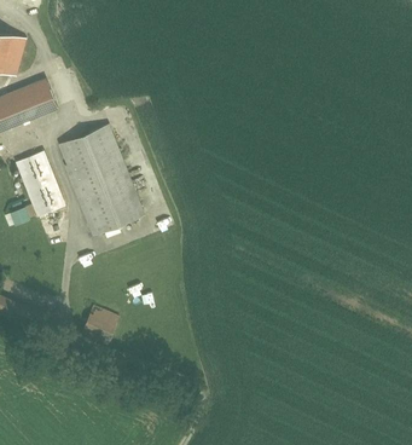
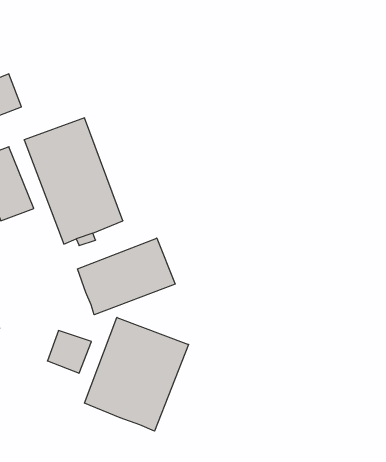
building: none -> [77,238,175,315]
building: none -> [84,317,189,431]

